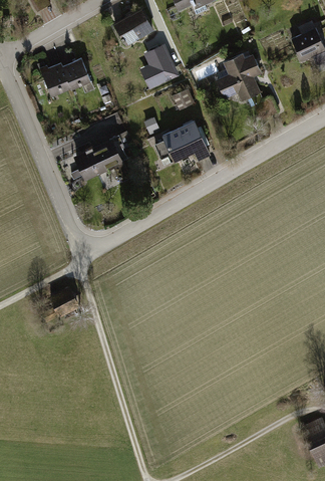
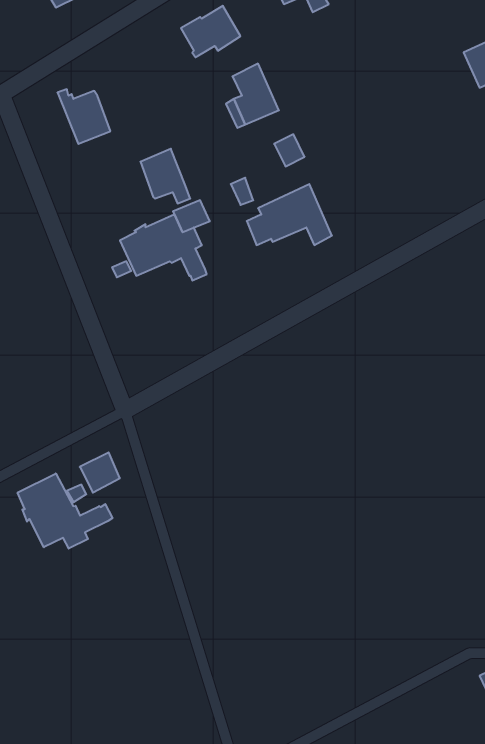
building: [216,54,277,117] -> none
building: [61,57,92,91] -> [140,149,190,203]
building: none -> [18,473,112,549]

